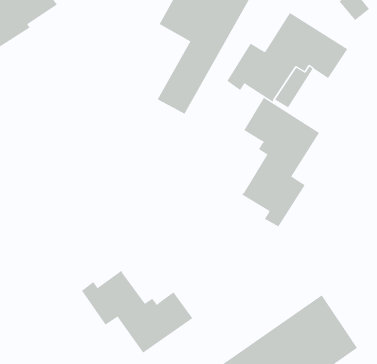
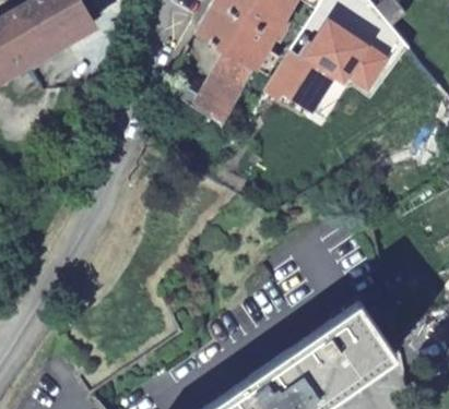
building: [241,97,320,227] -> none
building: [81,270,193,354] -> none

